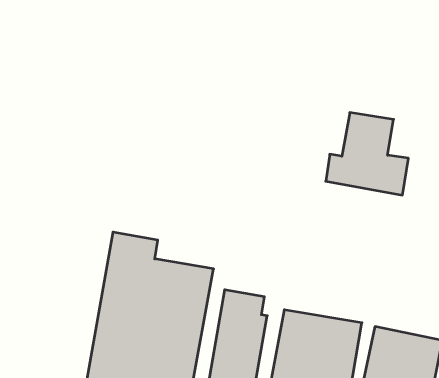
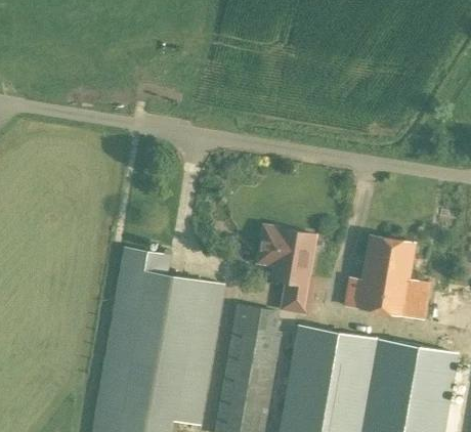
building: [326,113,408,195] -> [345,235,430,320]
building: none -> [260,227,315,314]

